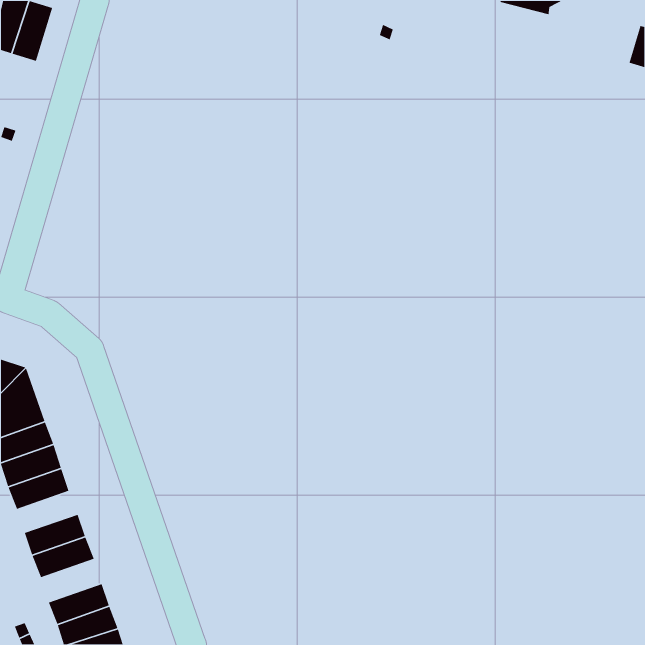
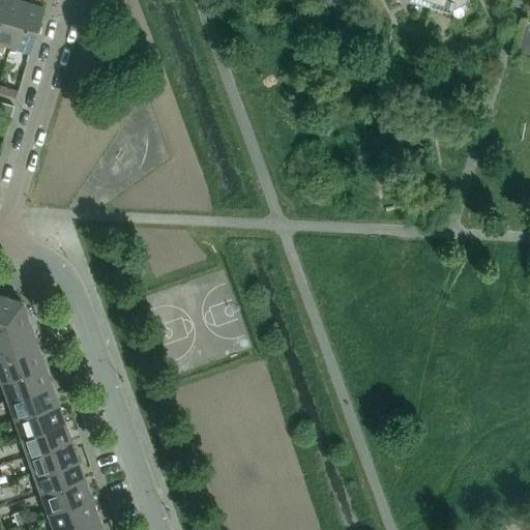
building: none -> [13,403,64,437]
building: none -> [33,459,84,494]

